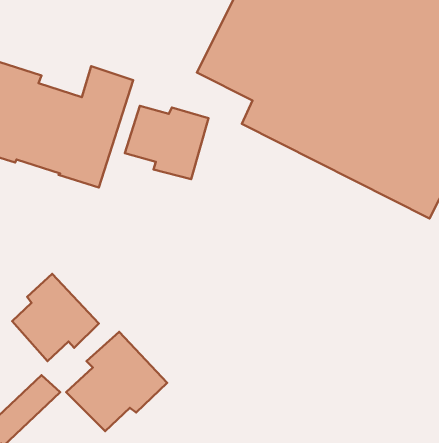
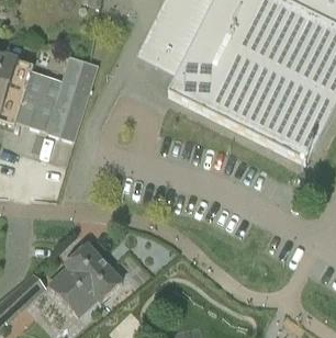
building: [125,106,208,179] -> none
building: [12,274,99,361] -> none

